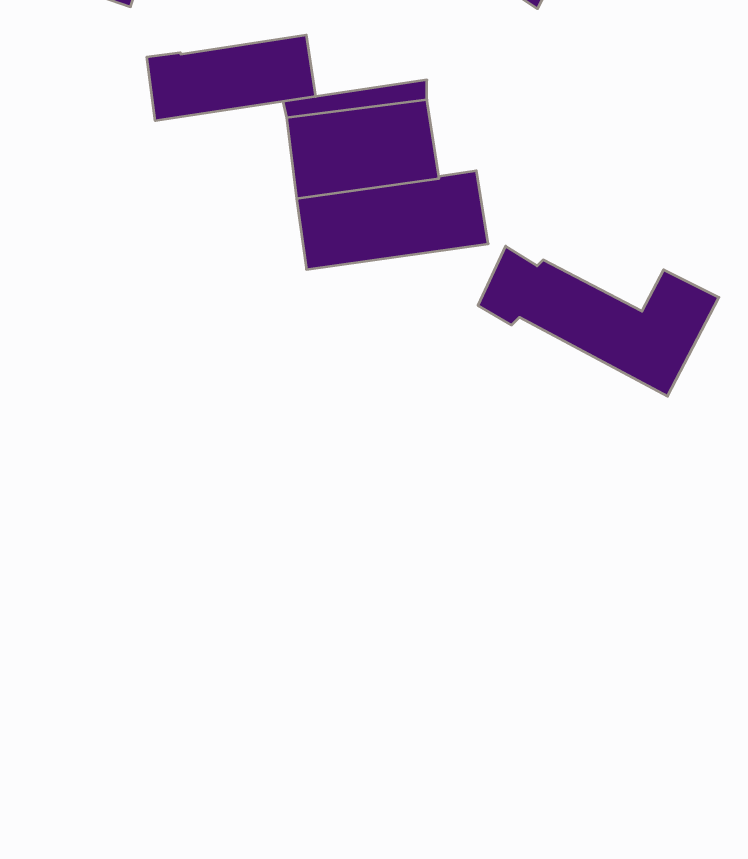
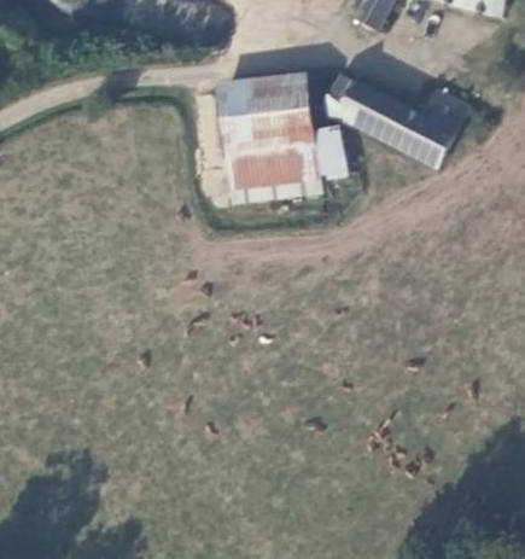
building: [147,35,316,121] -> none
building: [478,246,719,396] -> [321,74,468,165]

